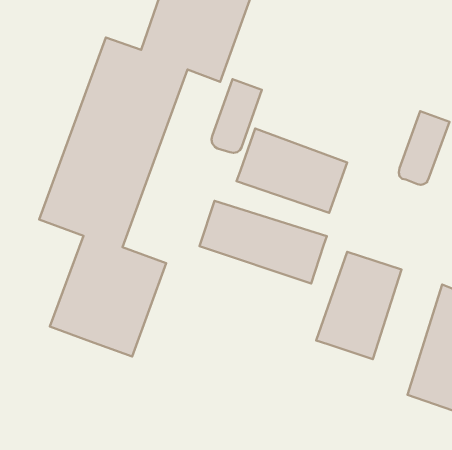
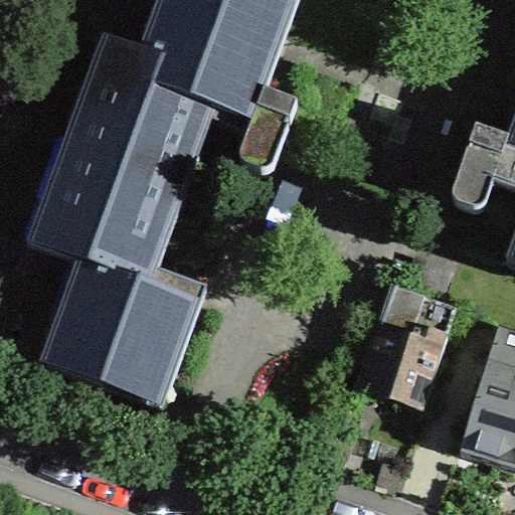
building: [236,128,347,213] -> none
building: [200,201,327,284] -> none

